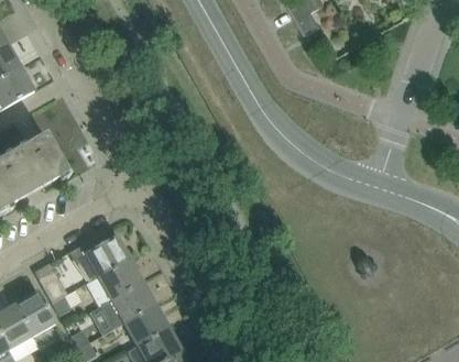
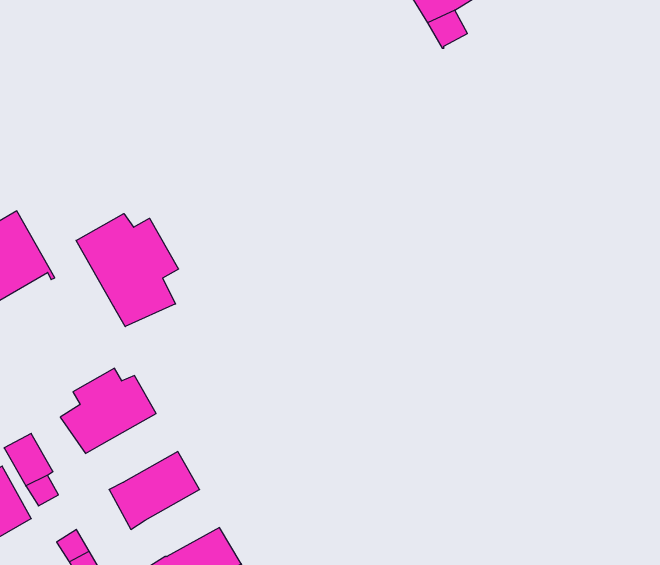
building: none -> [76,214,179,327]
building: [97,257,143,299] -> none
building: [123,304,168,344] -> none

